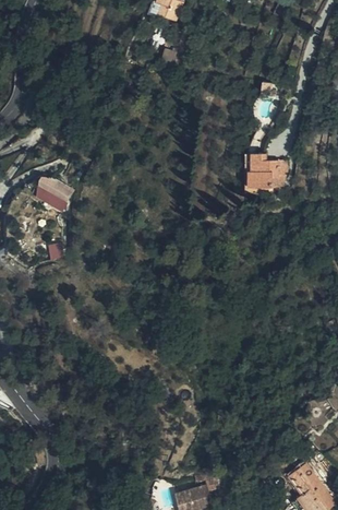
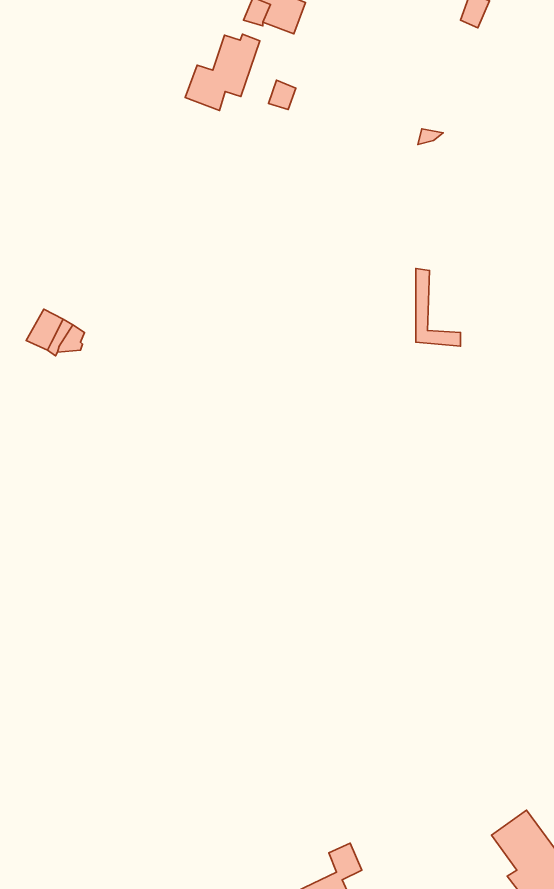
building: none -> [185,34,260,110]
building: [253,154,287,189] -> none

